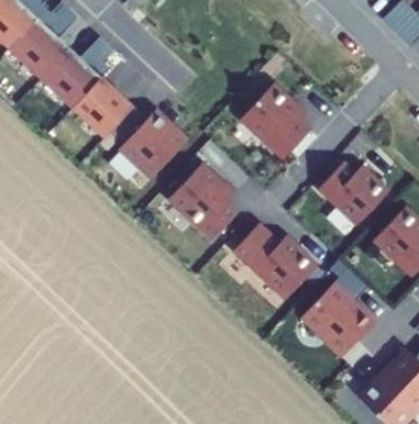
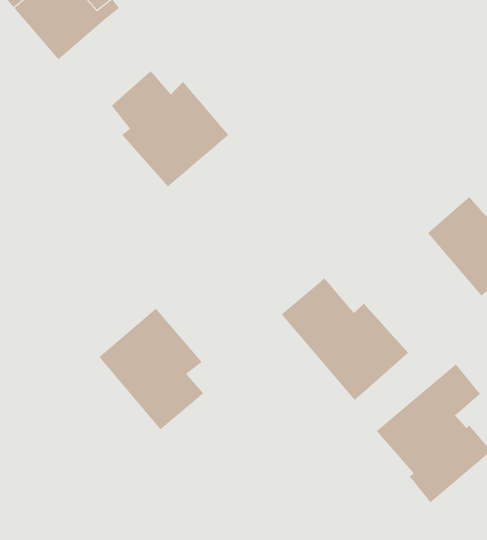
building: [74,77,132,135] -> none
building: [240,83,309,159] -> none
building: [167,164,236,241] -> [98,308,204,430]

